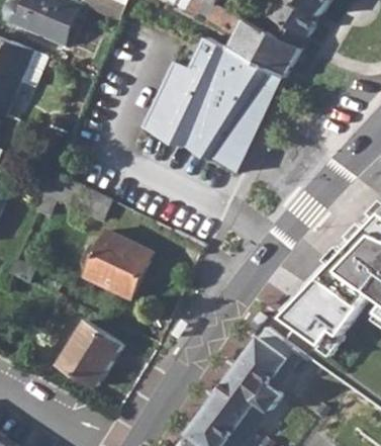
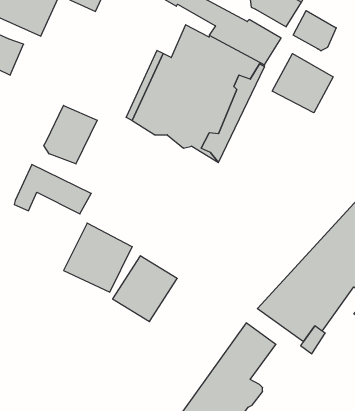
building: none -> [293,11,336,51]
building: none -> [272,54,333,113]
building: none -> [44,105,97,164]
building: [57,322,120,386] -> [113,256,177,322]

